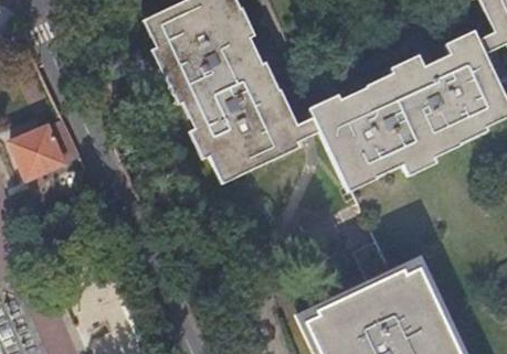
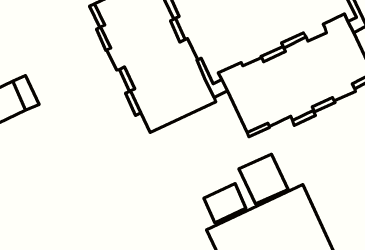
building: none -> [239,154,288,204]
building: none -> [204,184,246,223]

